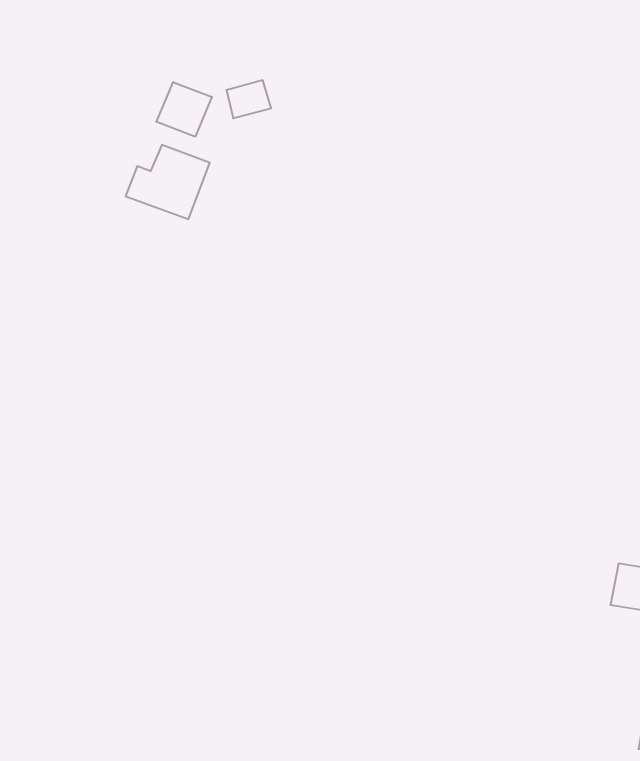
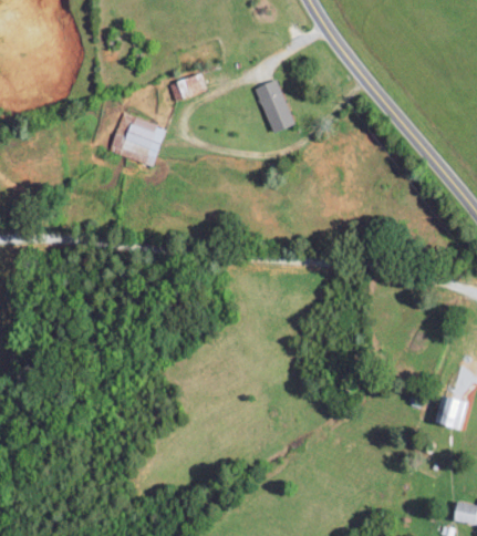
building: [156,82,212,137] -> none
building: none -> [257,80,291,132]

